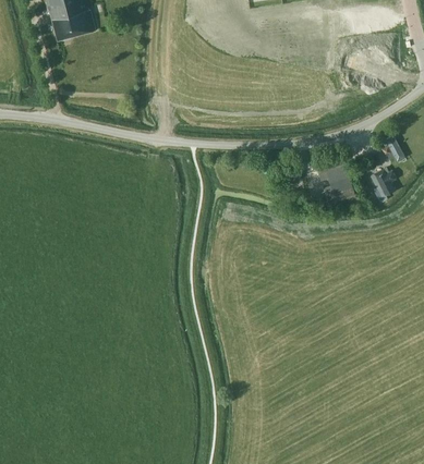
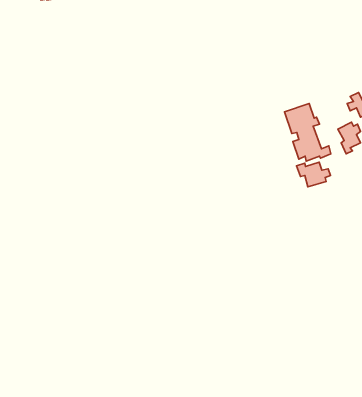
building: none -> [297,162,331,187]

